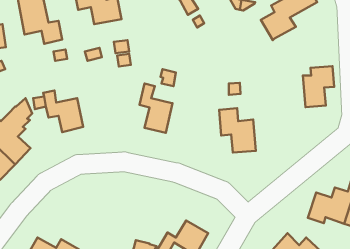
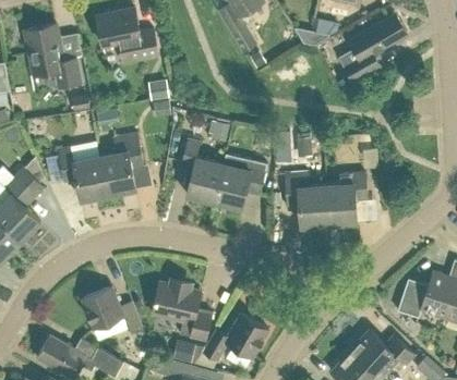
building: [303,66,334,107] -> [327,172,368,224]
building: none -> [101,134,145,194]
building: none -> [215,154,267,207]
building: none -> [153,277,213,339]
building: none -> [82,286,143,331]

